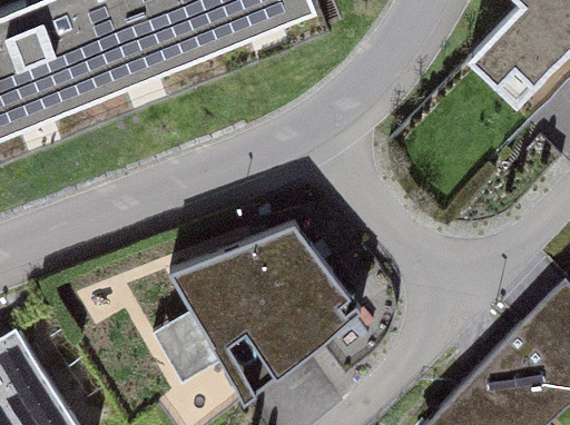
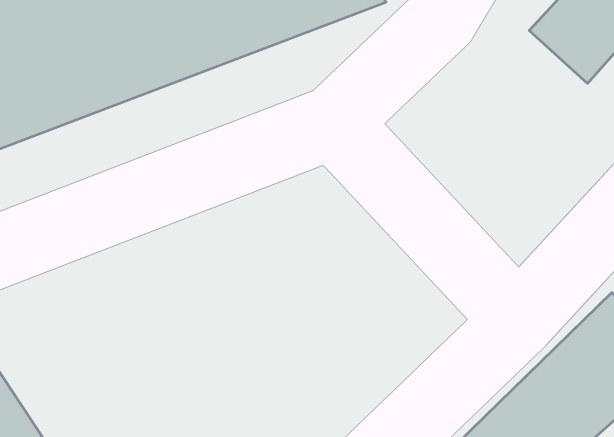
building: [156,223,337,382] -> none

